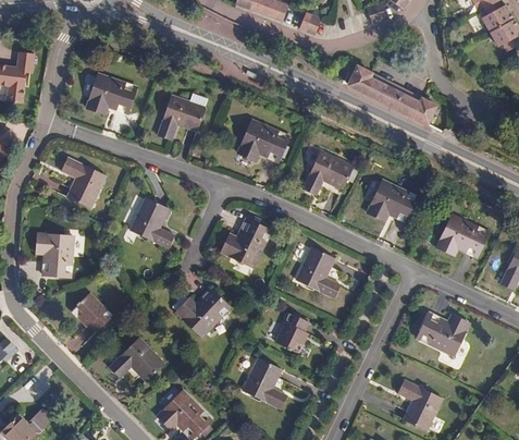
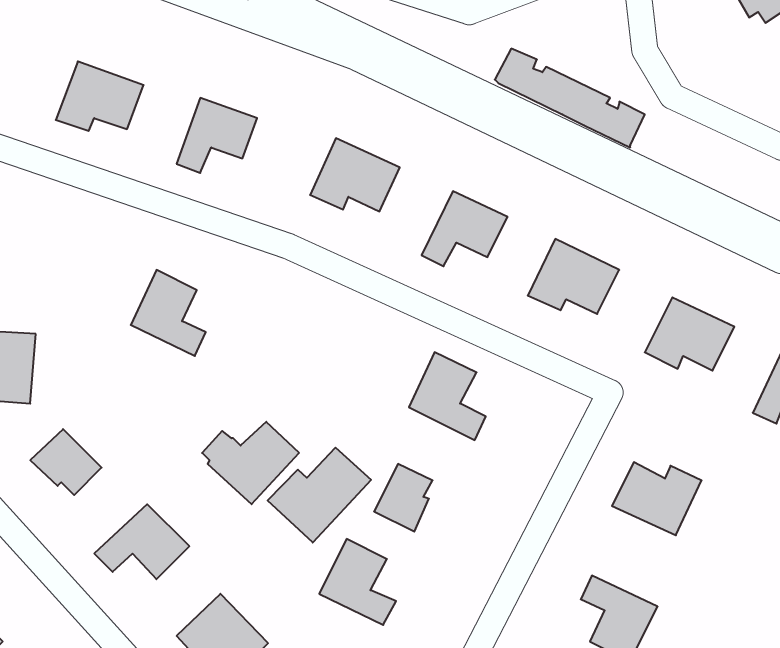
building: [61,157,107,208] -> none
building: [221,218,271,268] -> none
building: none -> [268,448,371,543]

